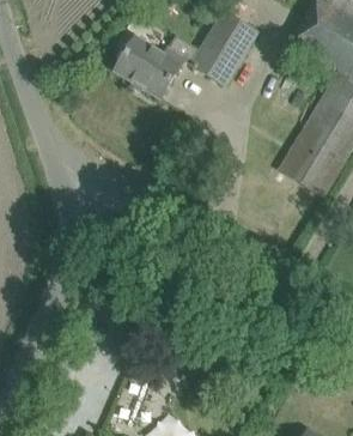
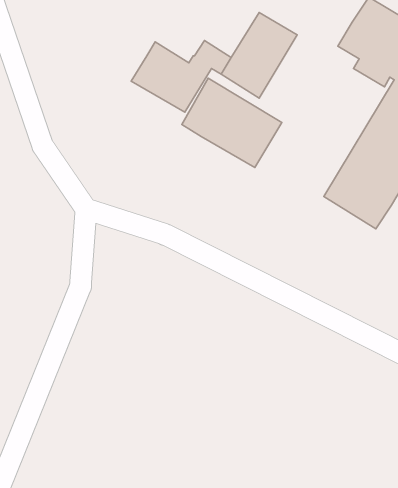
building: none -> [182,78,282,167]

